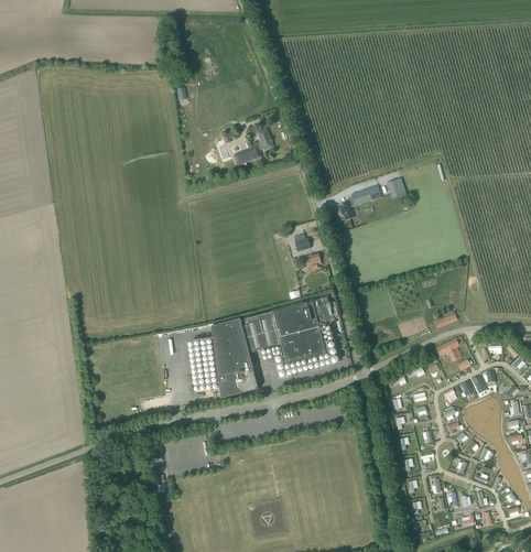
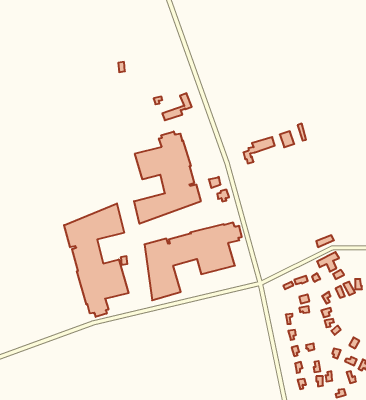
building: none -> [134,131,201,224]
building: none -> [64,203,129,317]

